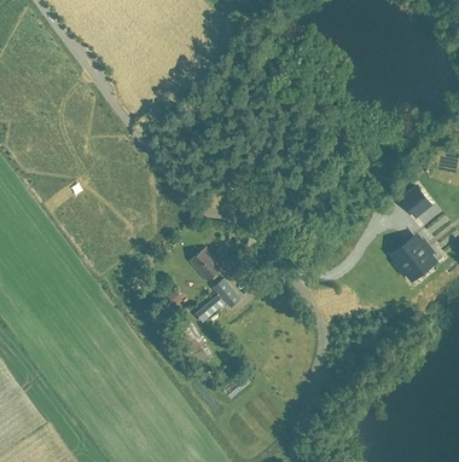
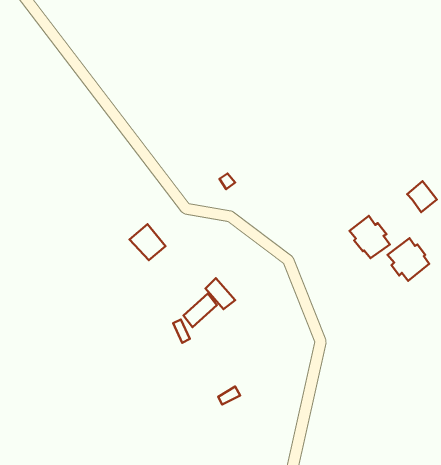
building: none -> [349,216,390,258]
building: [192,246,226,279] -> [129,224,166,260]

